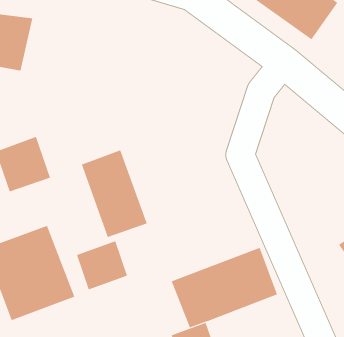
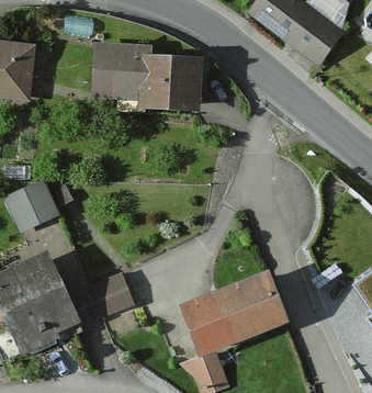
building: none -> [89,38,204,108]
building: [81,150,147,238] -> none

